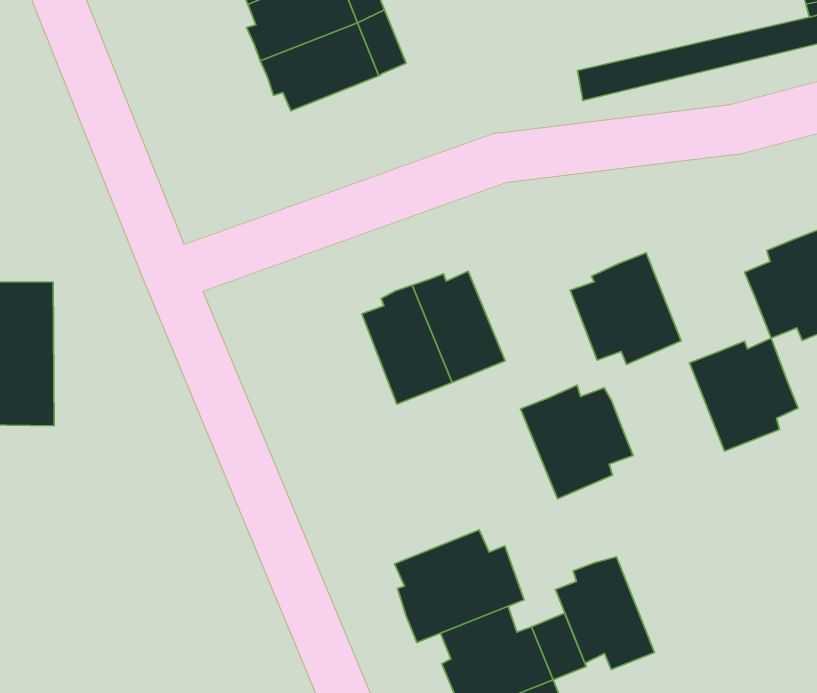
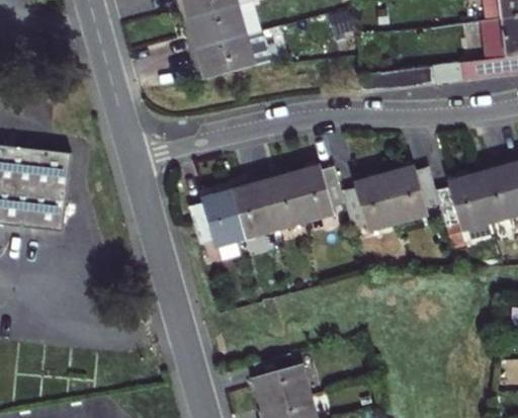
building: none -> [189,189,244,247]
building: [690,338,798,451] -> [384,166,439,223]
building: [520,385,633,499] -> [289,164,346,223]
building: [394,530,524,643] -> none
building: [555,557,654,669] -> none

